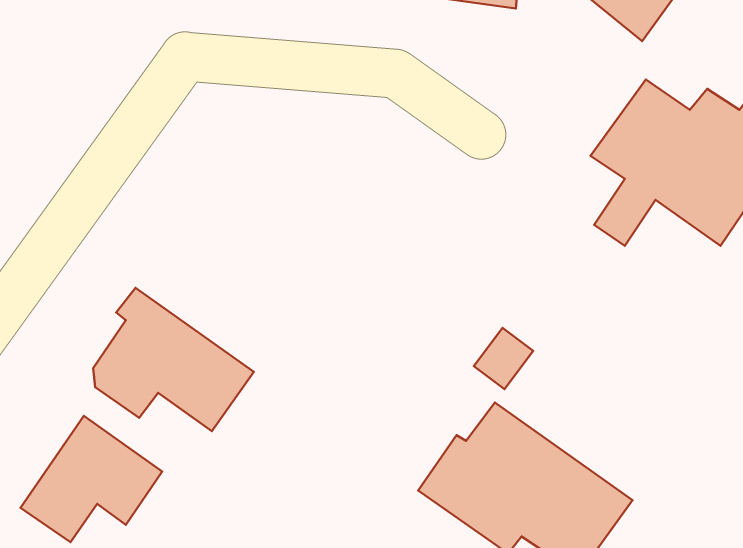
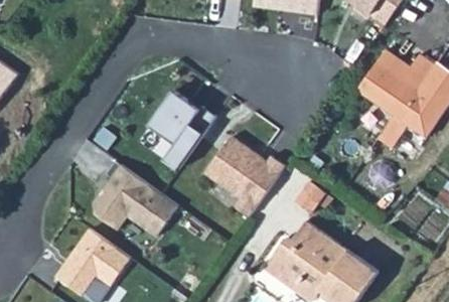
building: none -> [148,88,215,167]
building: none -> [204,135,285,215]

